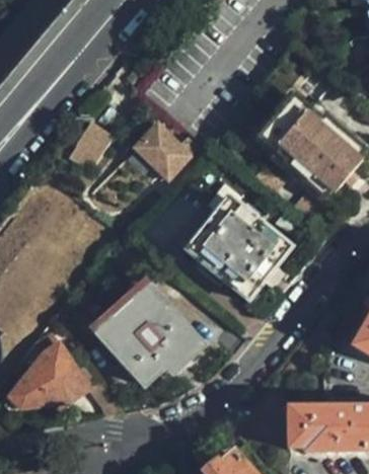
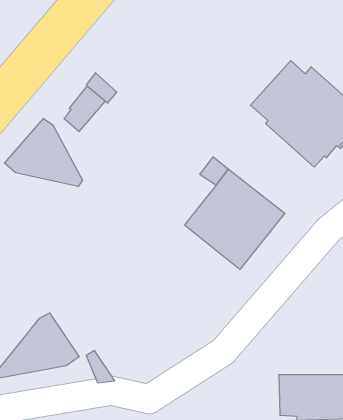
building: [134,124,189,178] -> none
building: none -> [5,118,83,187]
building: [98,289,204,384] -> none

